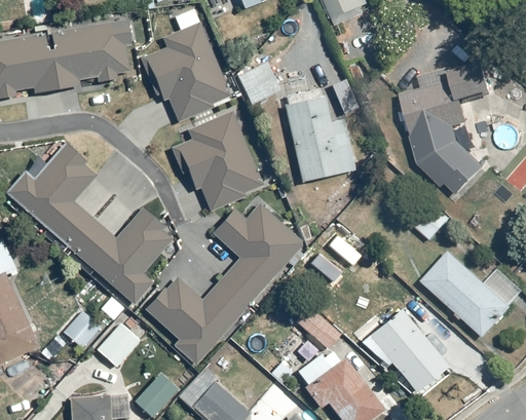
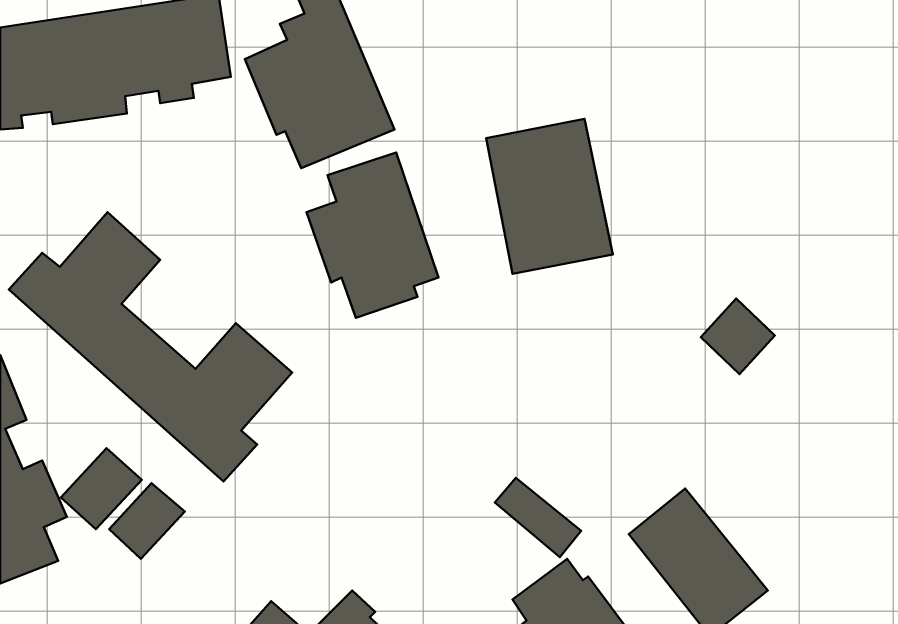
building: [238,61,283,105] -> none
building: [403,63,487,198] -> none
building: [145,204,302,367] -> none
building: [420,250,514,338] -> none
building: [97,320,144,368] -> [61,448,142,529]

